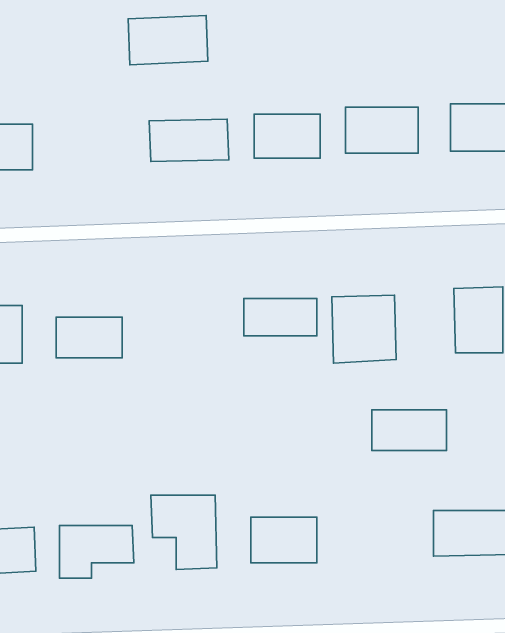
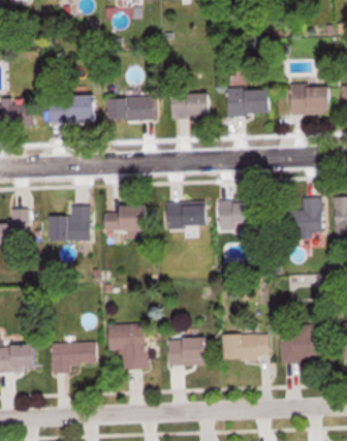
building: [128,16,208,65] -> [48,94,96,124]
building: none -> [106,206,150,233]
building: [372,410,446,451] -> [223,335,269,359]

